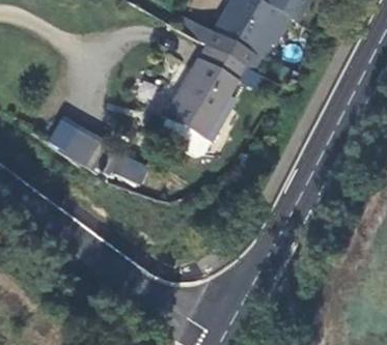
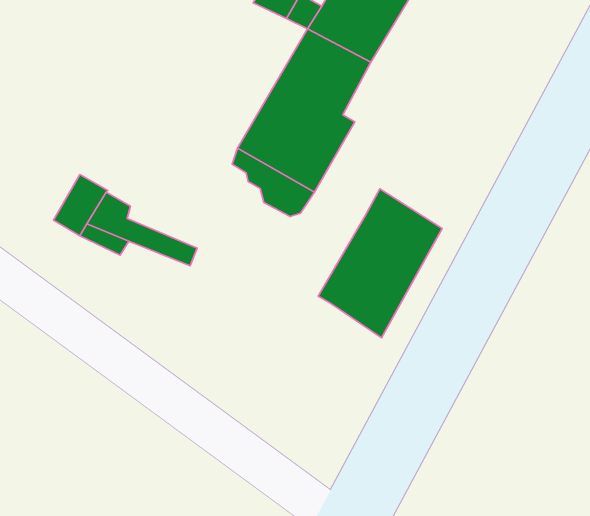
building: none -> [318,189,442,338]

